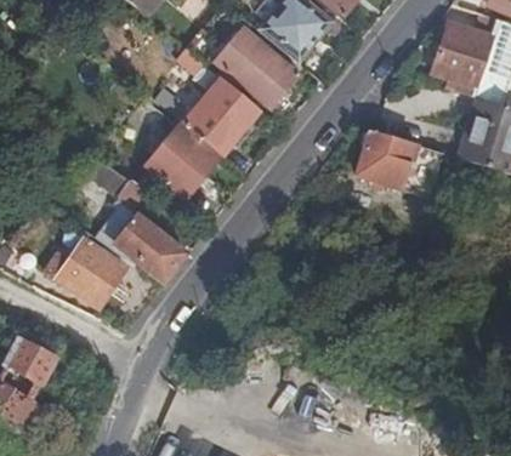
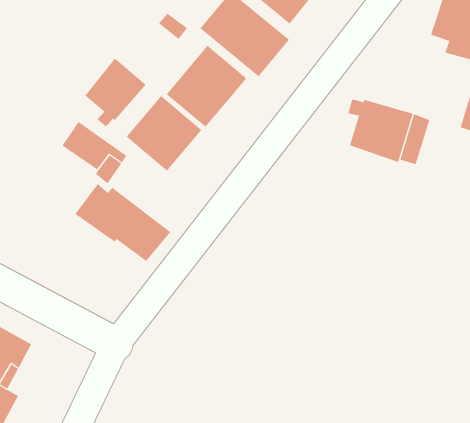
building: none -> [85,58,146,127]
building: [56,240,123,307] -> none

